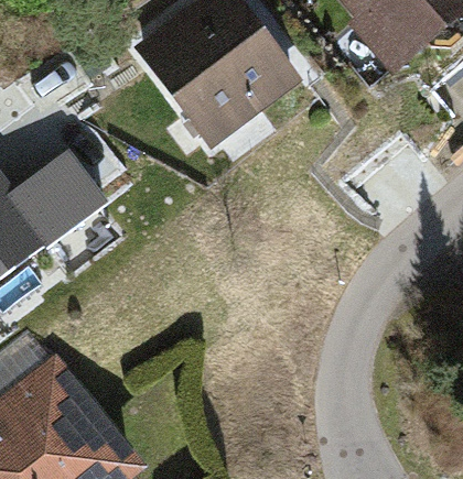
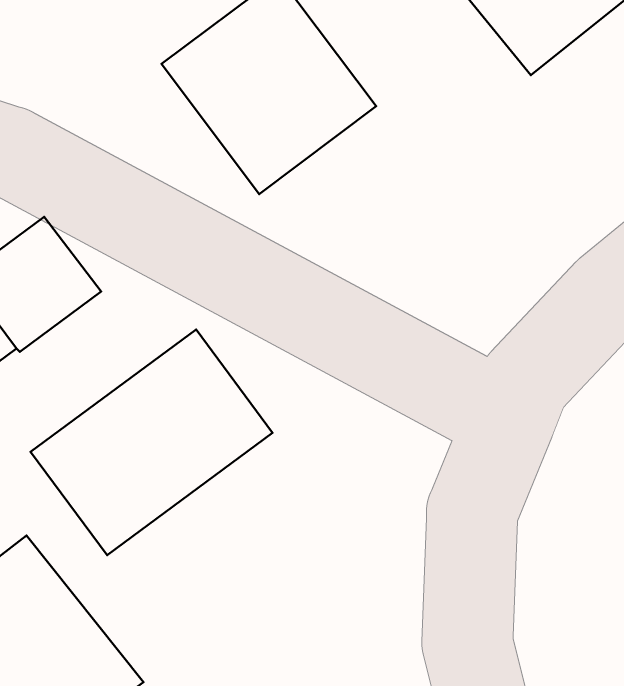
building: none -> [31,330,273,555]

